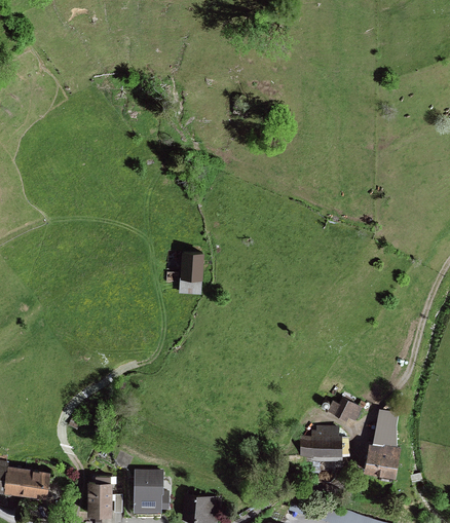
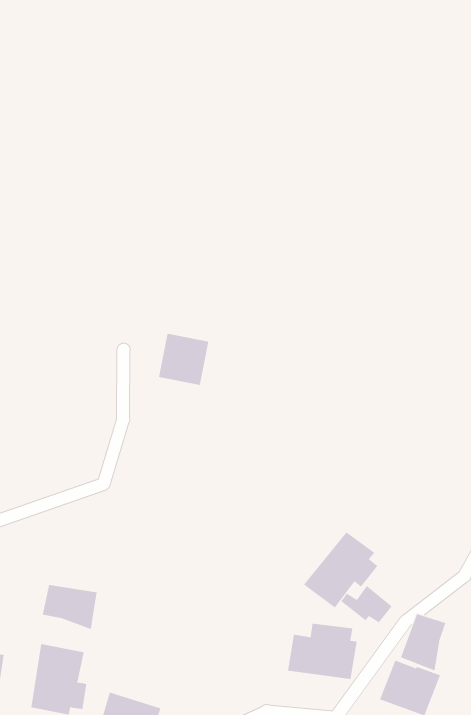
building: none -> [303,531,378,609]
building: none -> [42,584,97,630]

